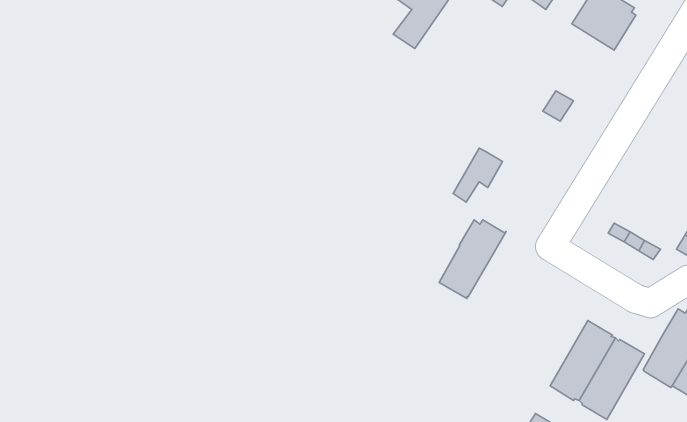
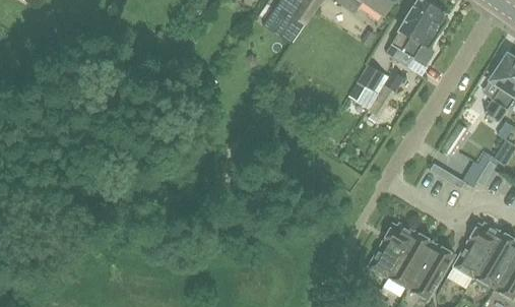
building: none -> [385,24,433,66]
building: [453,148,502,202] -> [348,65,383,103]
building: [439,220,506,298] -> [367,224,413,279]

